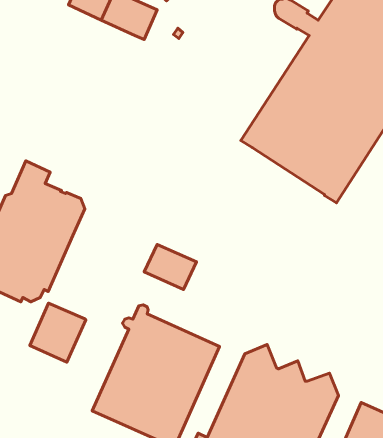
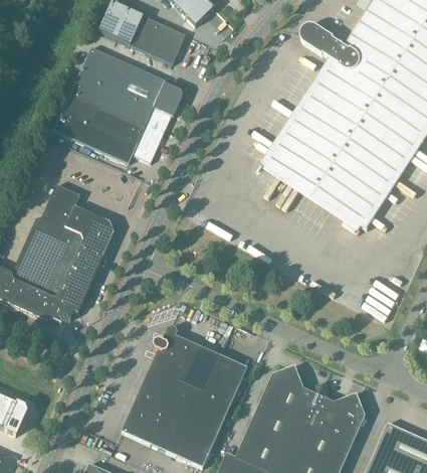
building: none -> [54,47,183,163]
building: [144,245,196,289] -> none
building: [30,303,86,362] -> none

